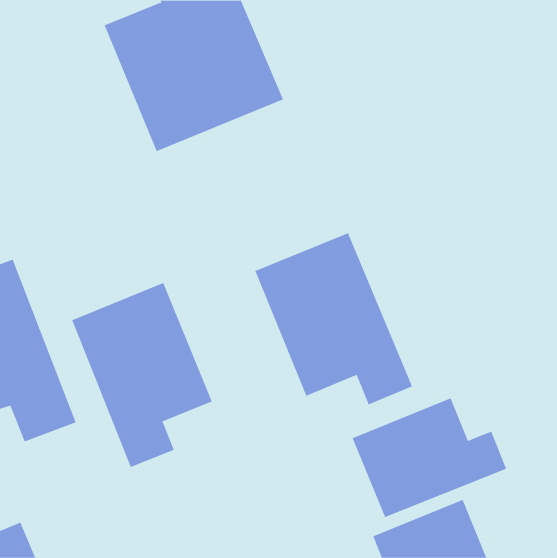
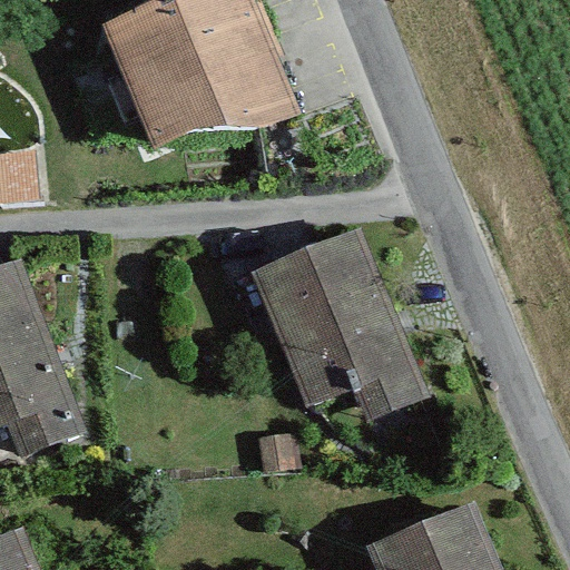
building: [72,282,213,468] -> none
building: [352,397,507,518] -> none

